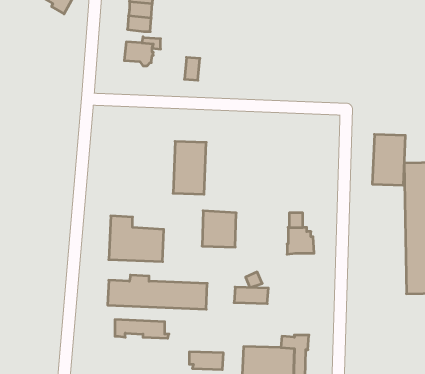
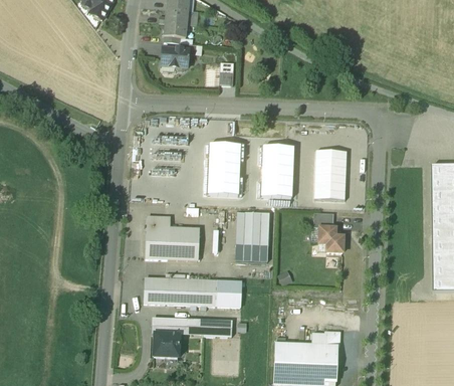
building: [372,134,405,185] -> [314,150,347,199]
building: none -> [261,145,293,197]
building: [234,287,268,304] -> [235,244,268,260]
building: none -> [154,332,179,356]
building: [189,352,223,370] -> [200,318,233,335]

